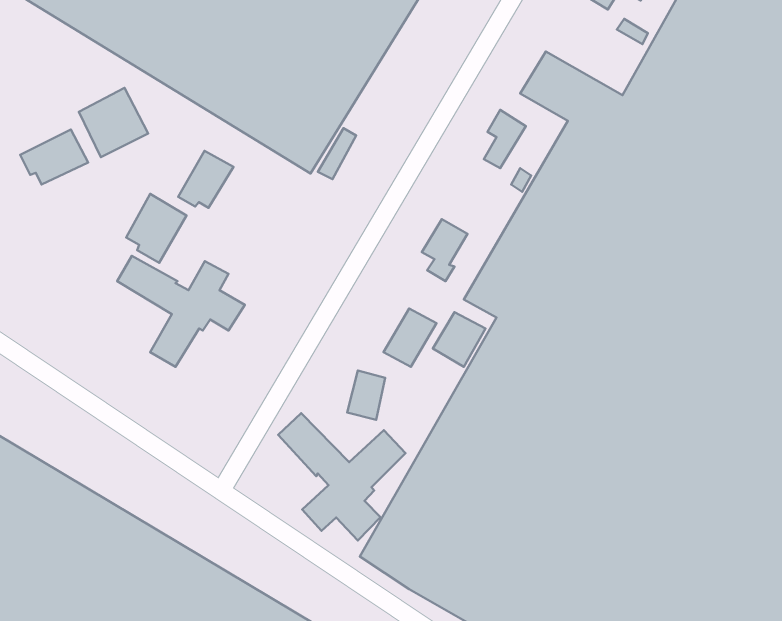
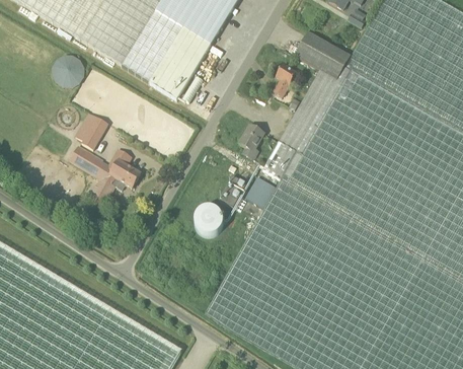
building: [20,130,88,185] -> none
building: [178,151,233,208] -> none
building: [278,413,406,541] -> none

